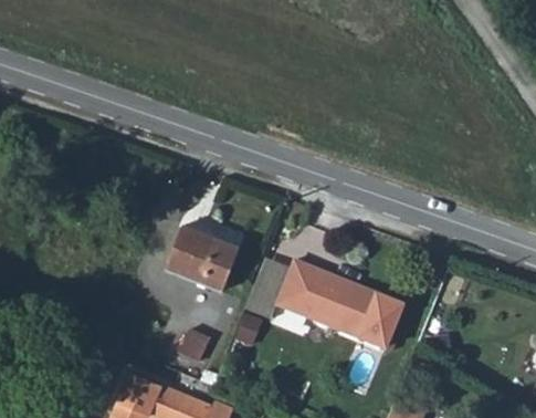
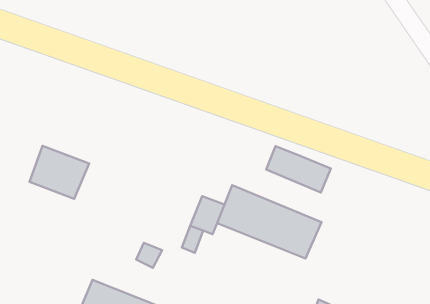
building: none -> [266,146,331,193]
building: [169,227,240,290] -> [30,146,89,199]

